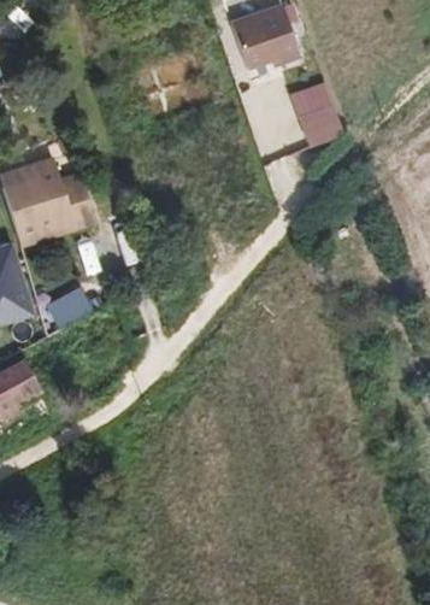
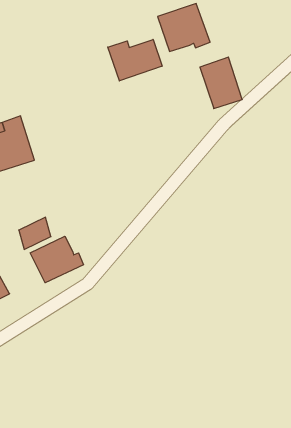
building: none -> [108,39,162,81]
building: none -> [30,236,83,283]

